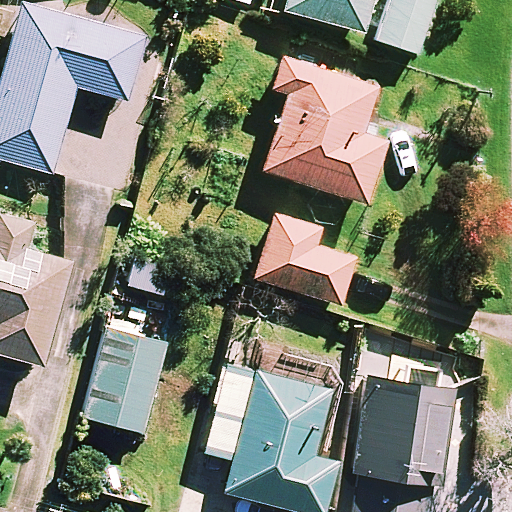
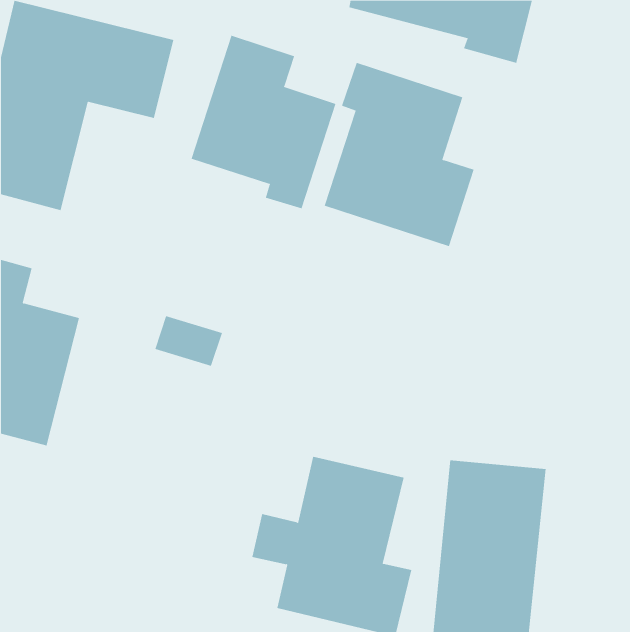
building: none -> [191,35,336,209]
building: [257,215,355,303] -> none
building: [84,325,169,432] -> none

